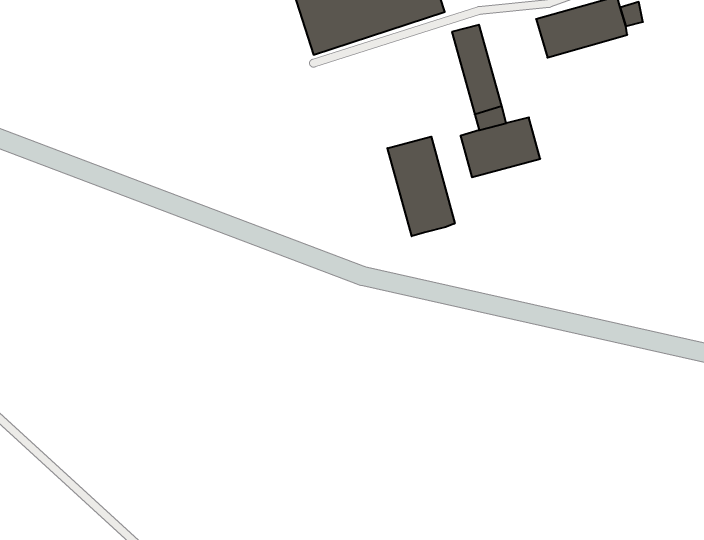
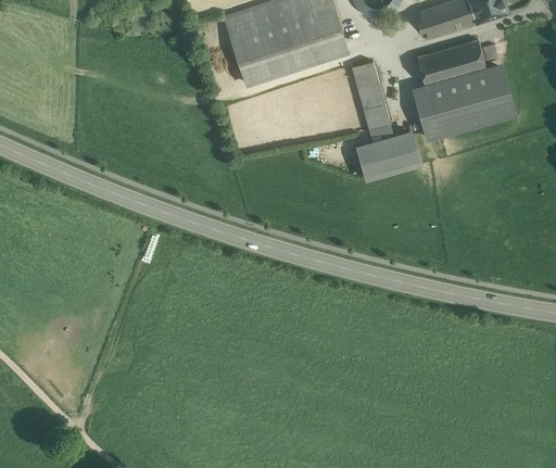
building: none -> [415,68,514,139]
building: [387,137,455,236] -> none

